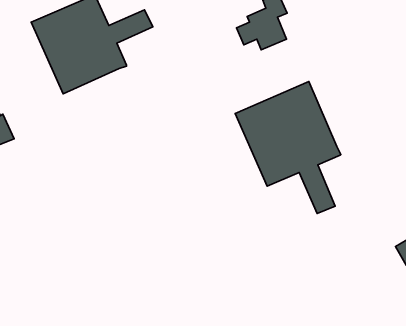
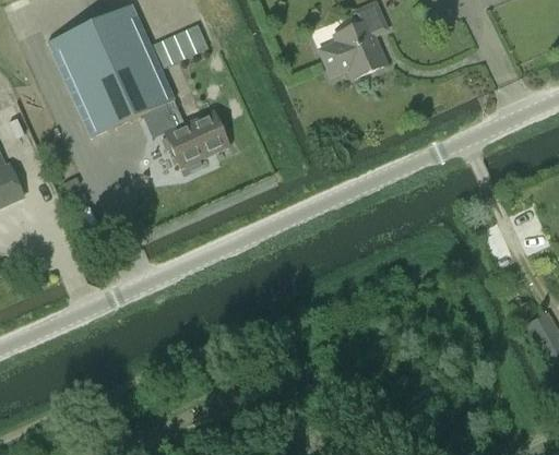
building: none -> [163,99,227,166]
building: [235,82,341,213] -> none

